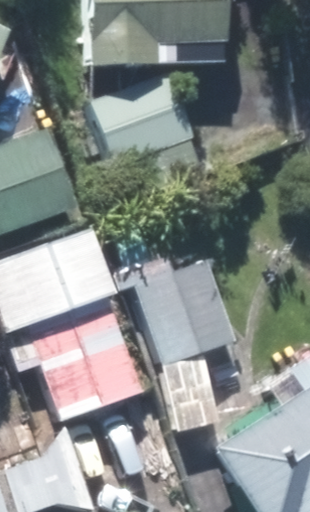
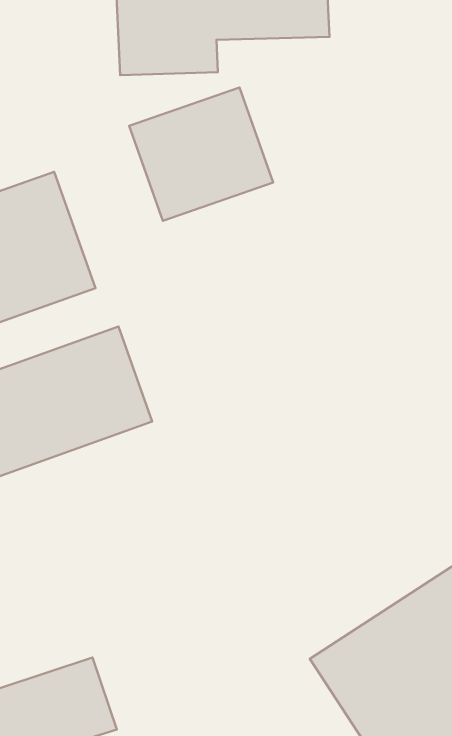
building: [115,256,235,432] -> none
building: [30,308,141,420] -> none

